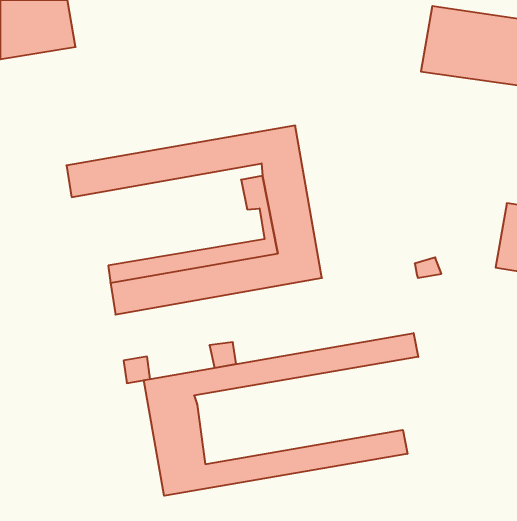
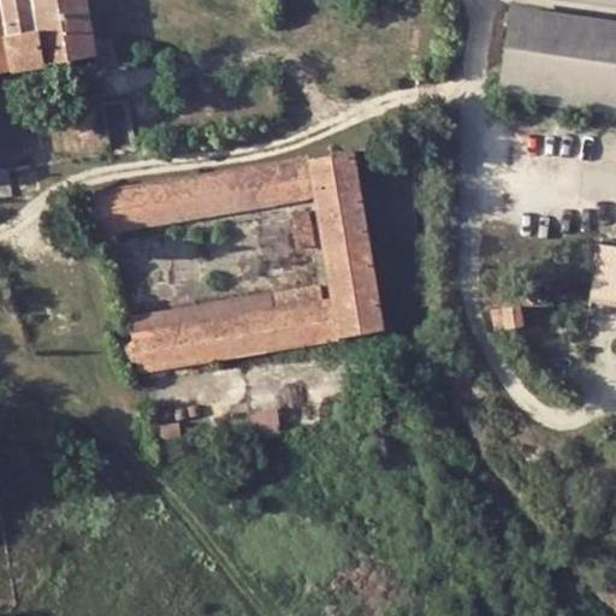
building: [144,333,418,496] -> none

